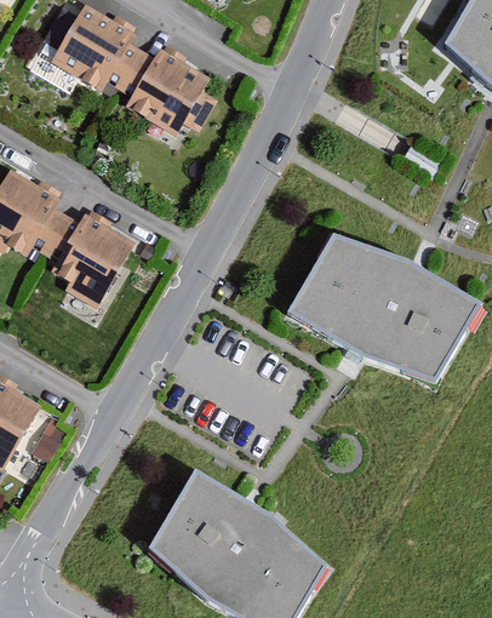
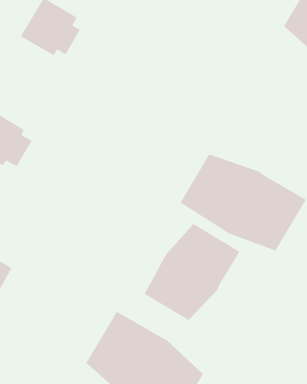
building: [119,47,208,135] -> none
building: [45,214,133,309] -> none
building: none -> [144,223,241,321]

